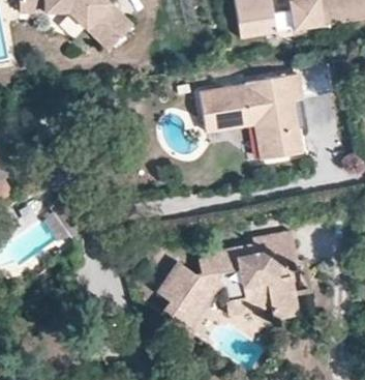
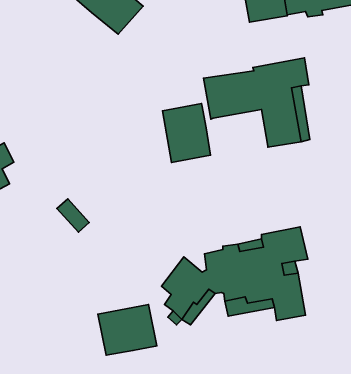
building: none -> [162,103,211,162]
building: none -> [98,305,157,355]

